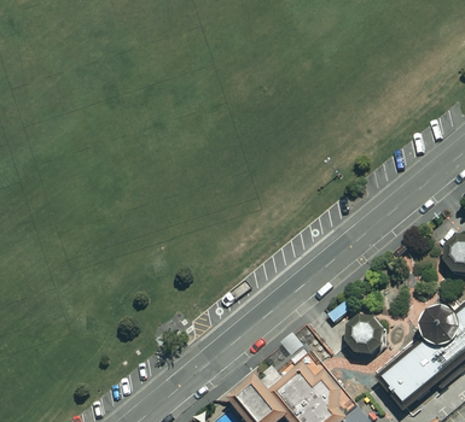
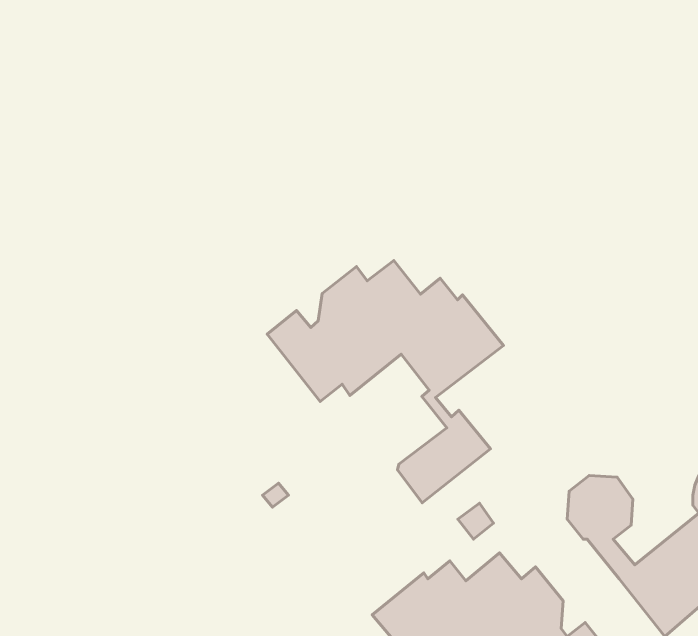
building: none -> [267,260,503,503]

